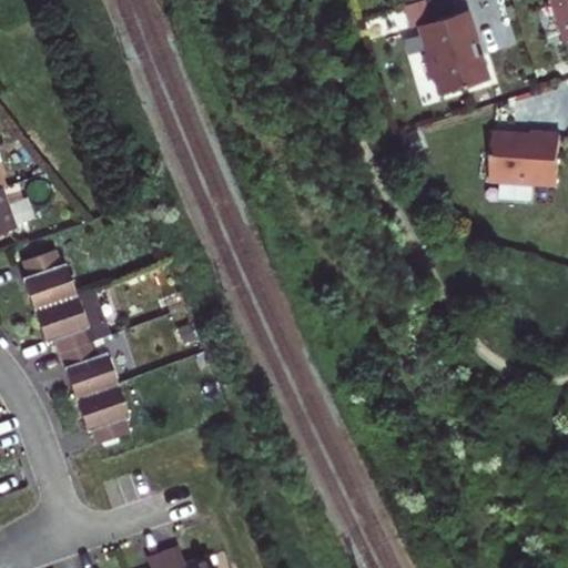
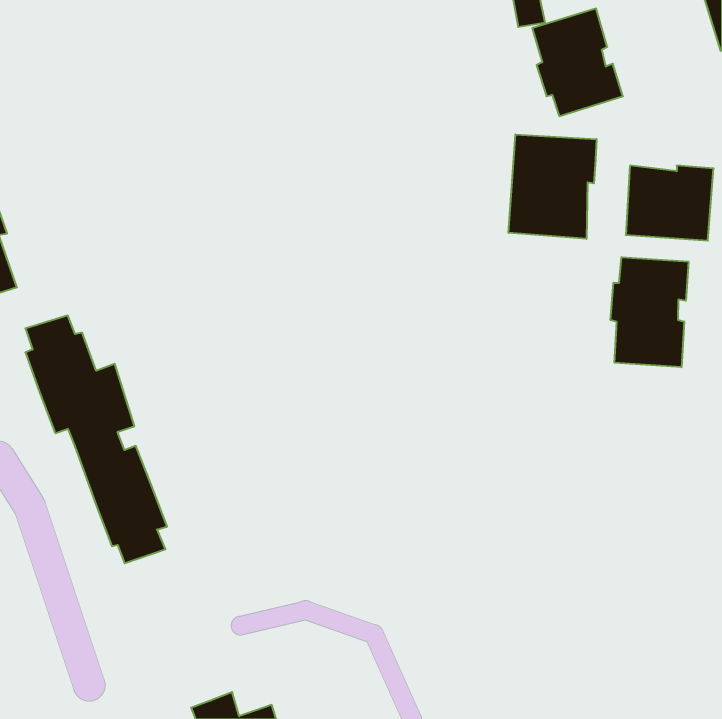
building: none -> [509,134,597,239]
building: none -> [611,257,688,367]

